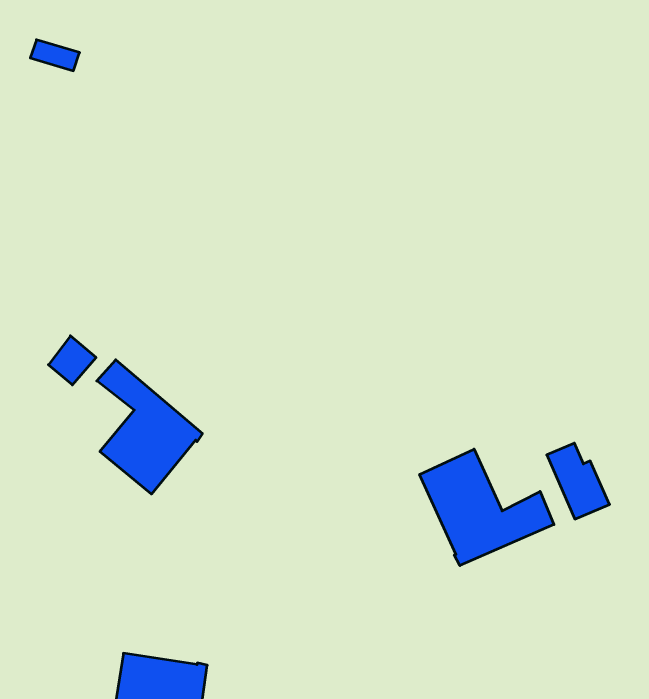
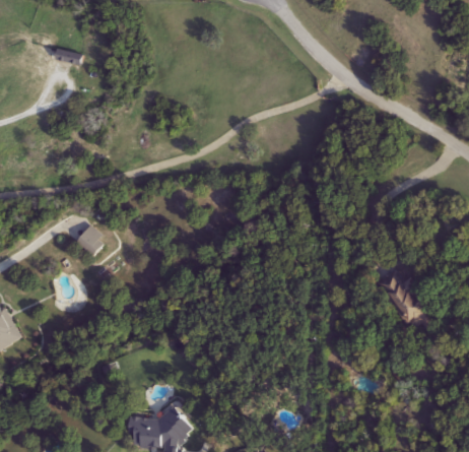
building: [97,360,202,494] -> none
building: [420,449,554,566] -> none

